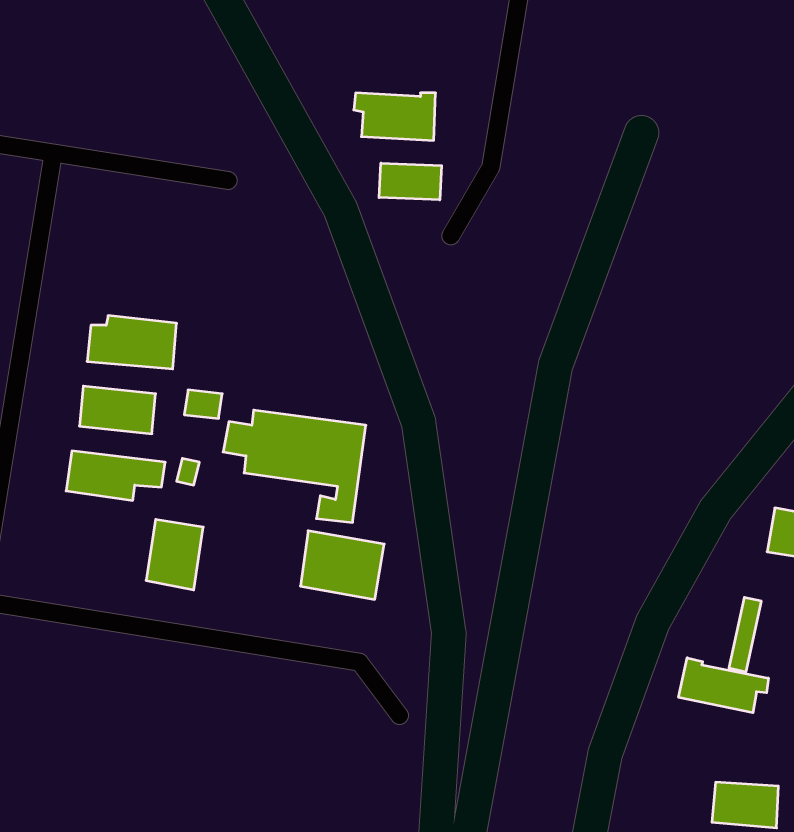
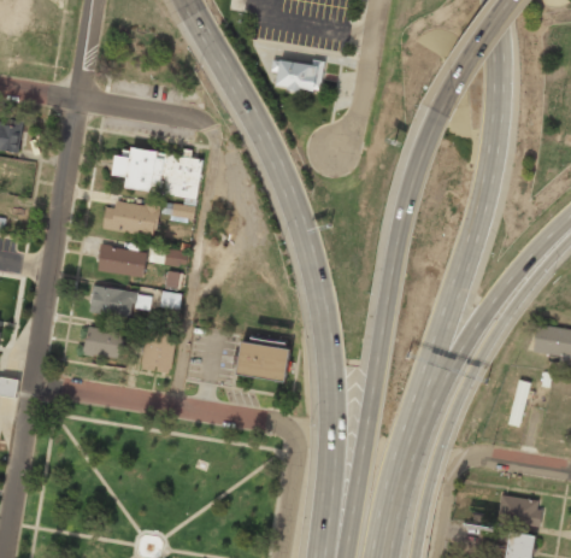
building: [379,163,442,200] -> none
building: [223,410,366,522] -> [111,148,201,219]
building: none -> [82,327,126,360]
building: [679,658,768,713] -> none

